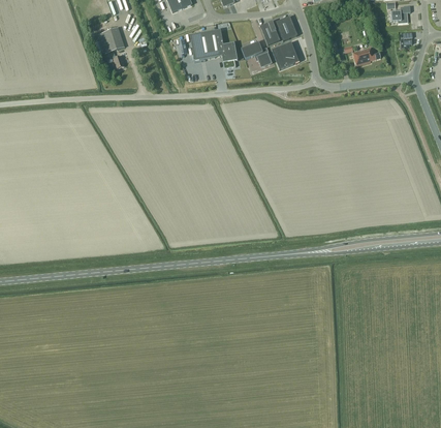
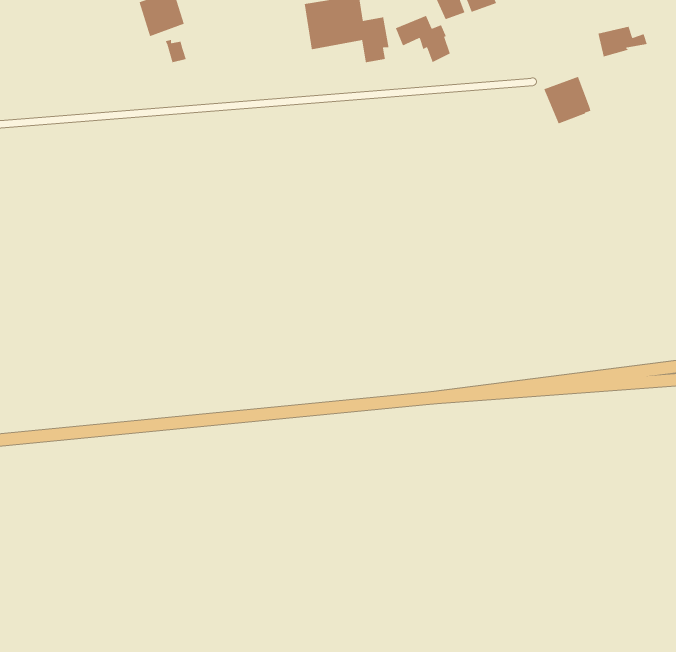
building: [272,41,298,68] -> [543,76,592,124]

